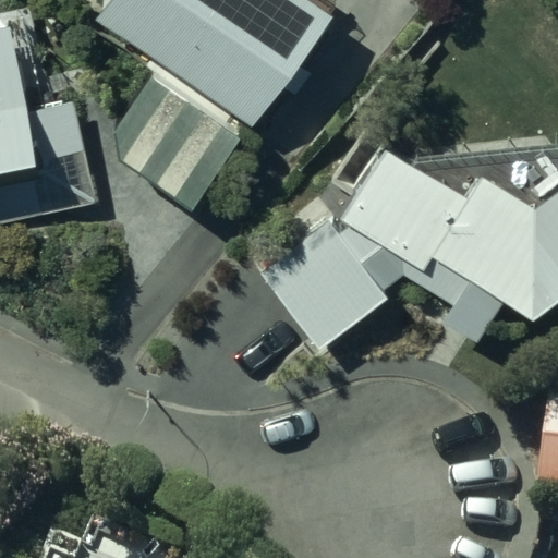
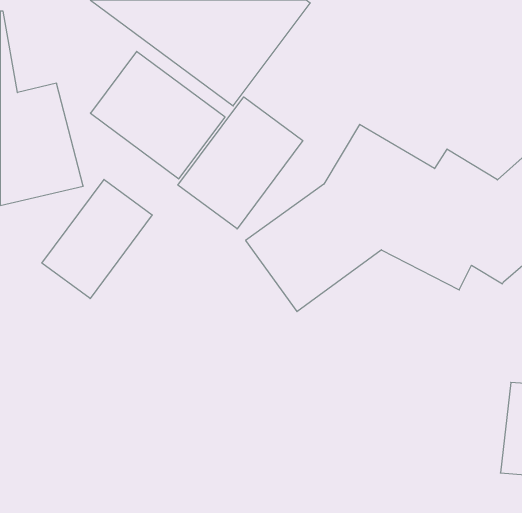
building: none -> [178,97,303,229]
building: none -> [42,179,152,299]

